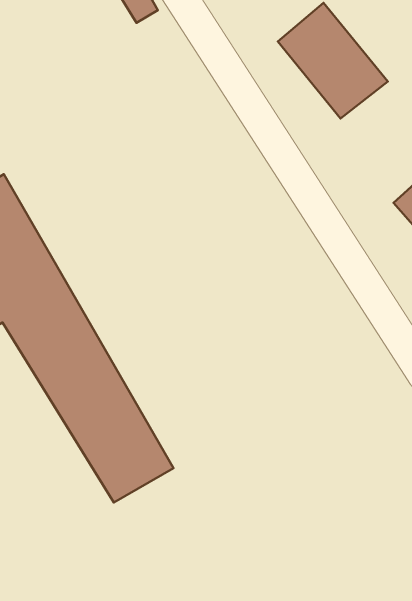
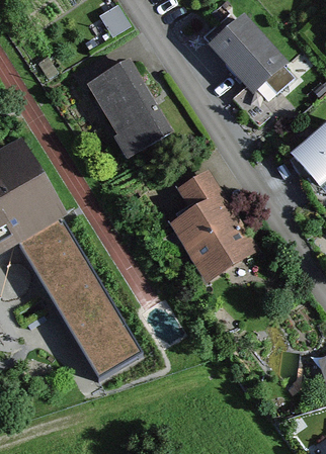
building: none -> [89,60,173,155]
building: none -> [175,169,258,281]

